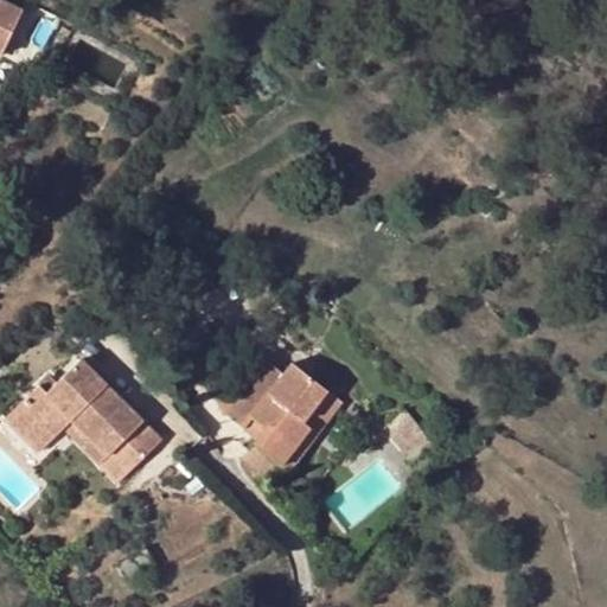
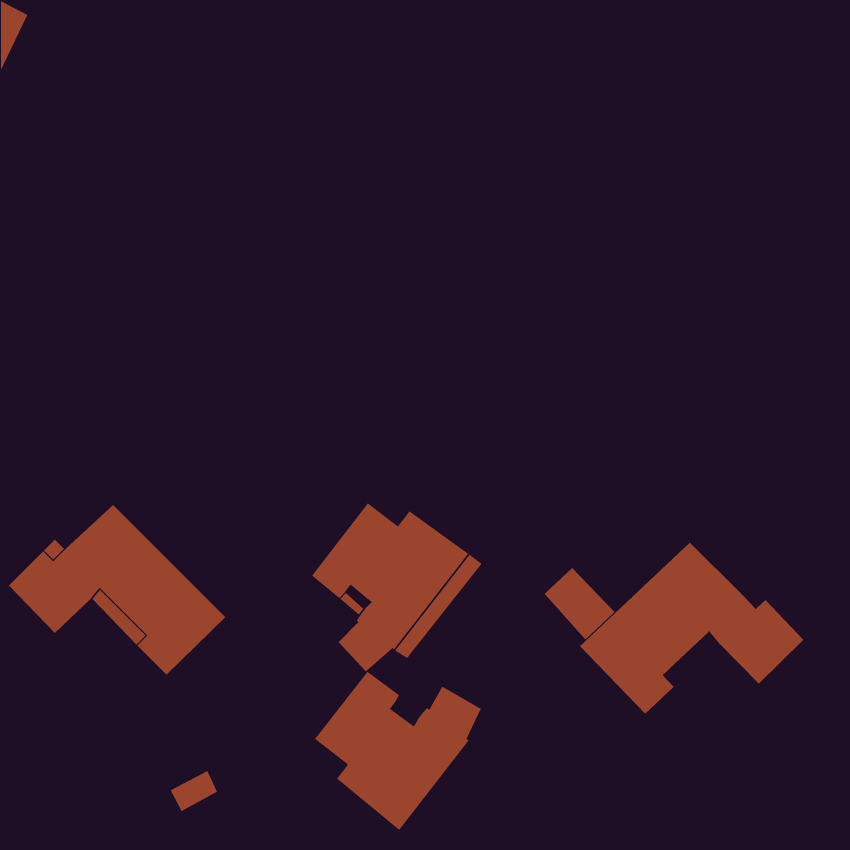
building: none -> [579,542,804,715]
building: none -> [314,671,481,831]

